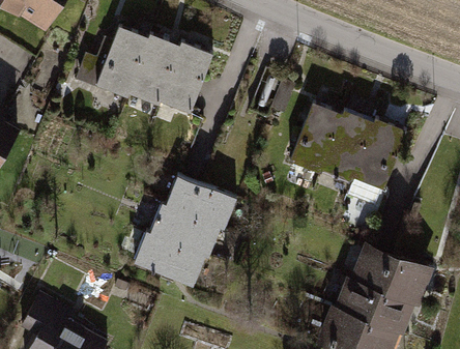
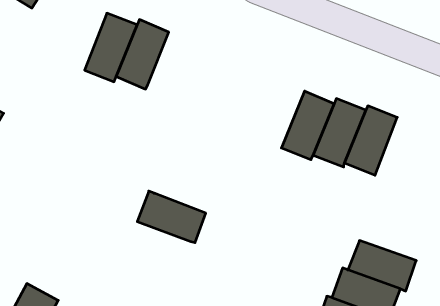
building: [160,42,211,111] -> none
building: [166,177,233,228] -> none
building: [134,232,202,284] -> none

